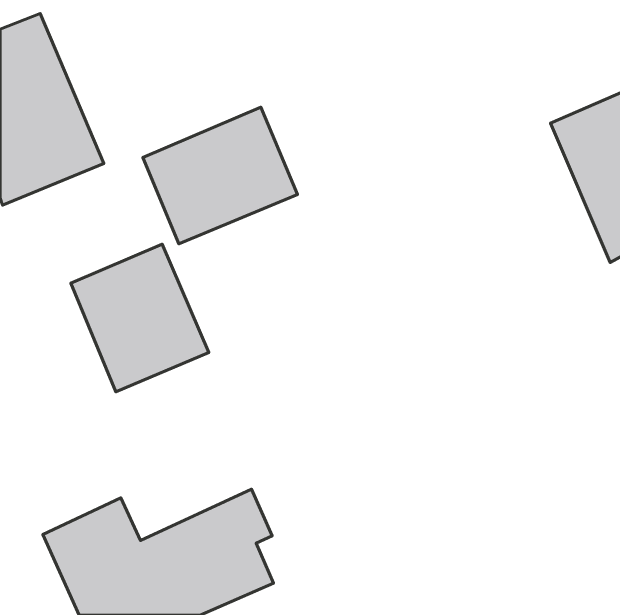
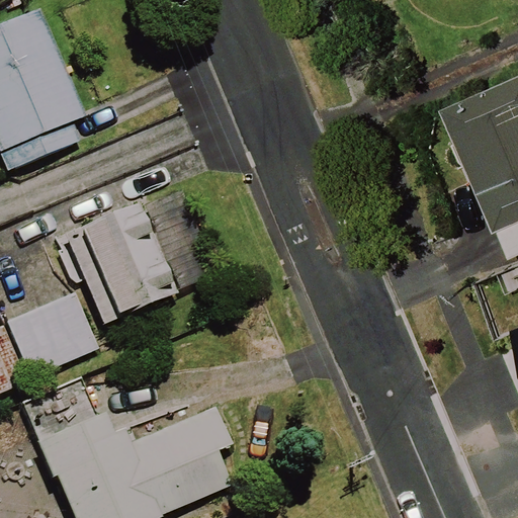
building: [143,107,298,244] -> none
building: none -> [8,292,97,374]

